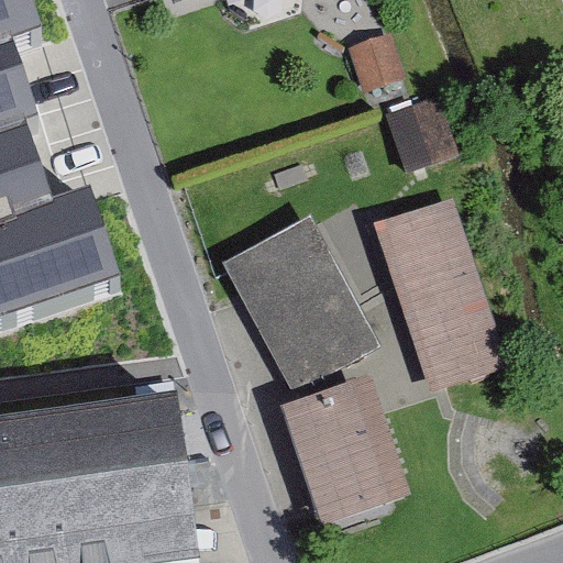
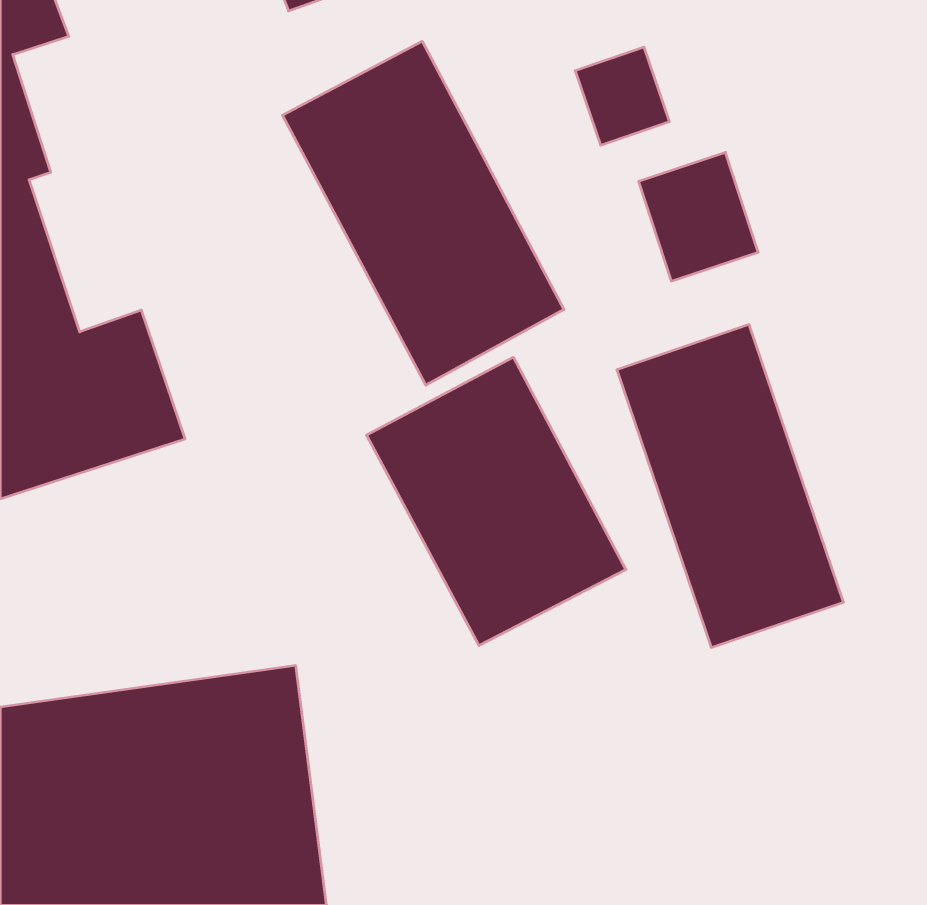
building: none -> [282,41,564,385]
building: [282,384,412,533] -> none

